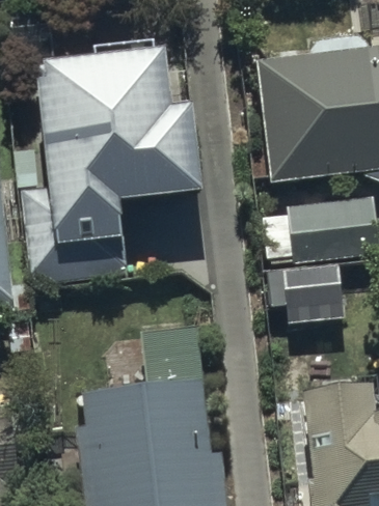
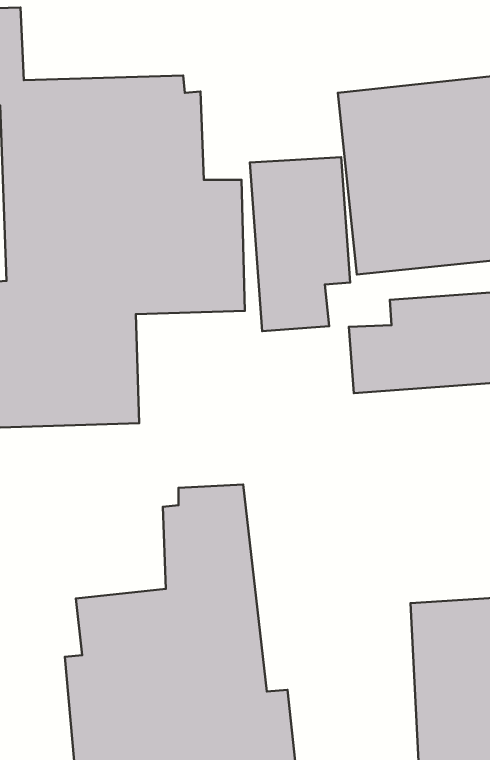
building: none -> [250,157,350,331]

